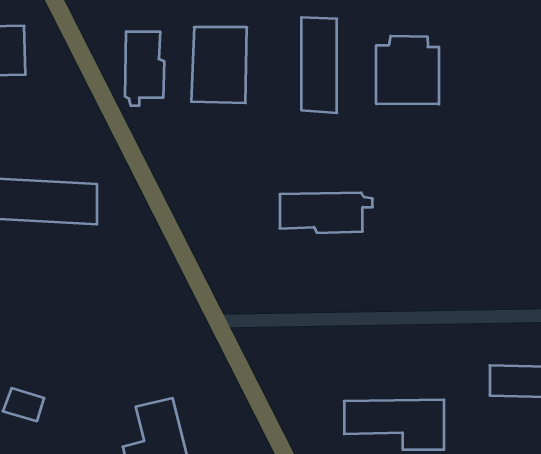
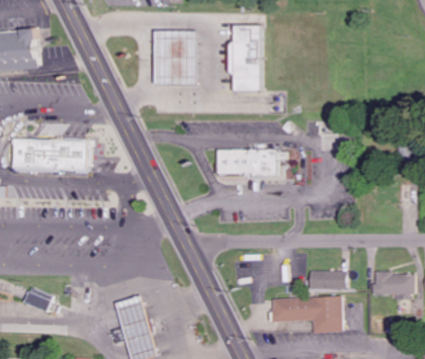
building: [125,31,164,106] -> none
building: [376,36,439,104] -> none
building: none -> [303,270,340,289]

